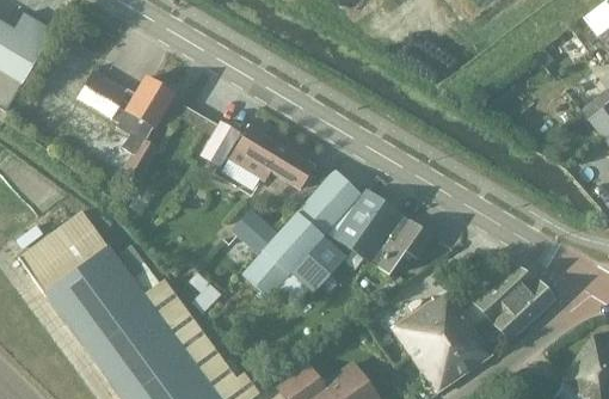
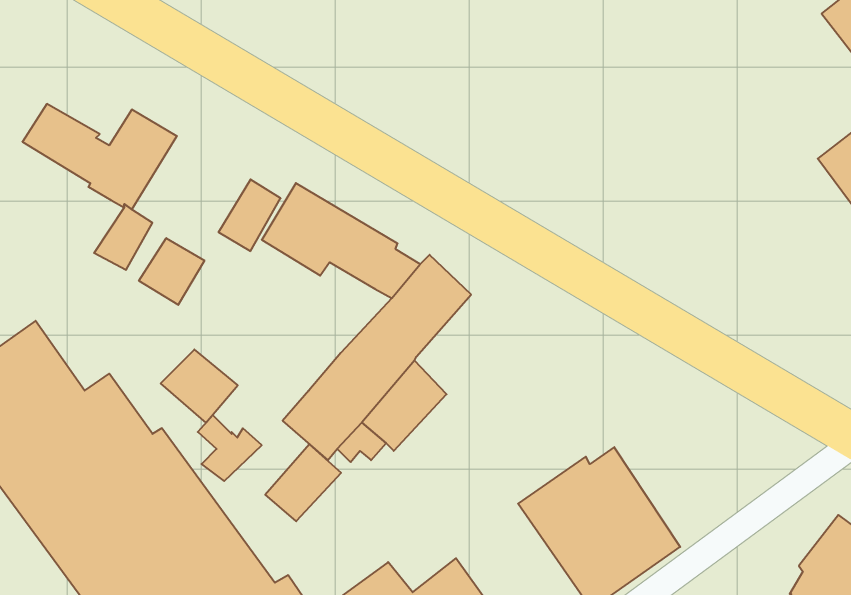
building: none -> [139,238,204,305]
building: [331,189,435,276] -> none
building: [229,209,278,256] -> [161,349,238,423]
building: [474,268,554,344] -> none
building: none -> [265,444,341,521]

